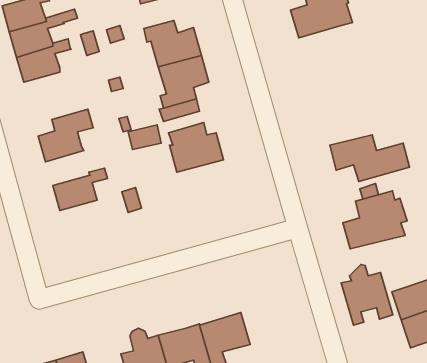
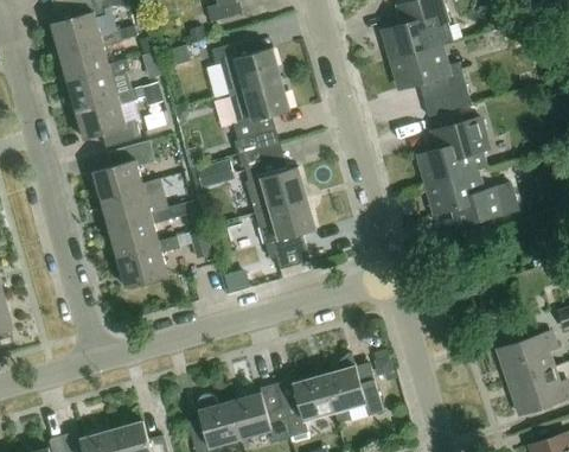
building: none -> [391,45,471,114]
building: none -> [76,89,140,147]
building: none -> [101,179,164,229]
building: none -> [251,199,314,270]
building: [343,191,407,249] -> [418,116,492,183]
building: none -> [117,236,180,287]
building: [341,264,393,325] -> [325,354,384,424]

